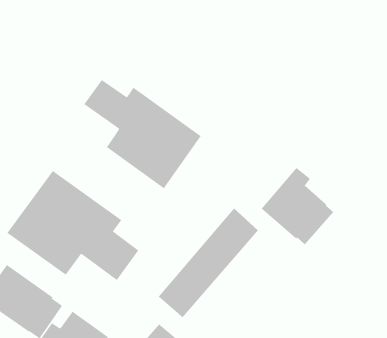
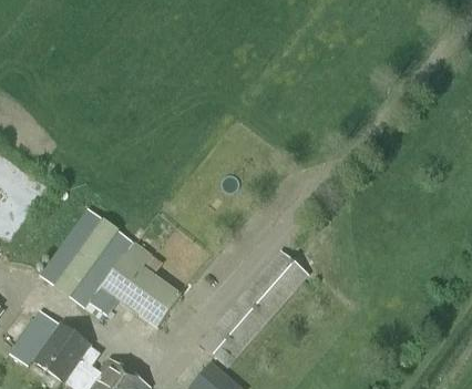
building: [83,79,201,189] -> none
building: [261,167,334,245] -> none

